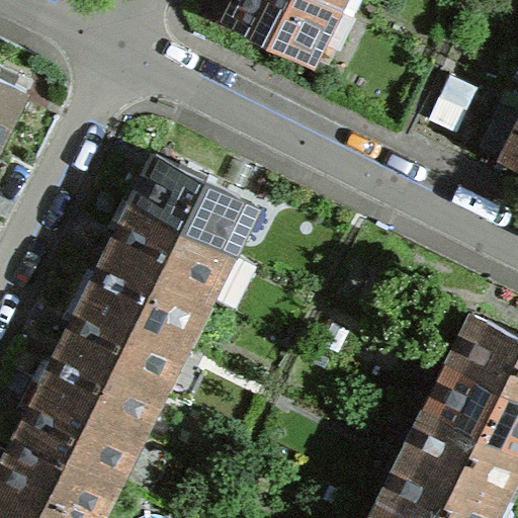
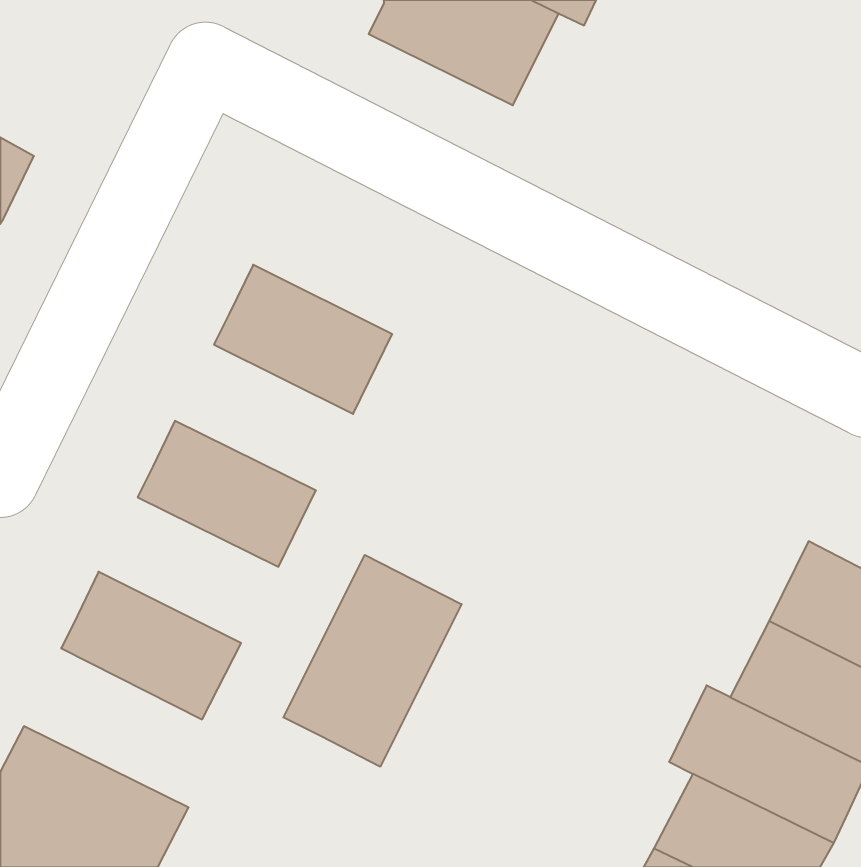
building: [108,205,214,292] -> none
building: [63,296,170,383] -> none
building: none -> [283,555,462,767]
building: [18,386,124,474] -> none

